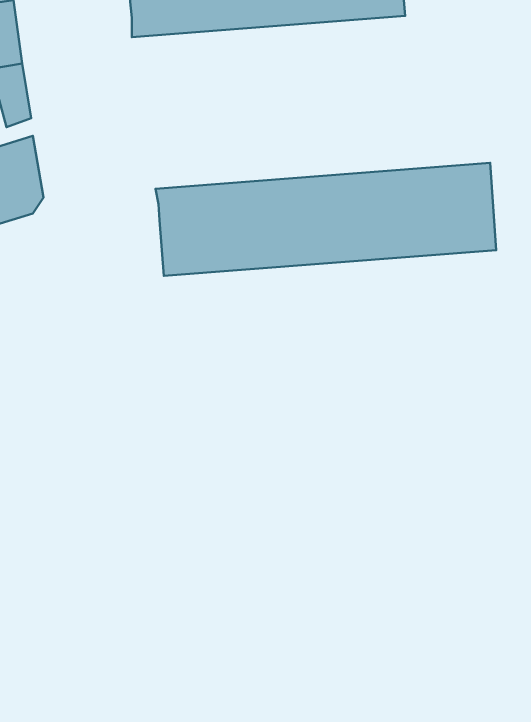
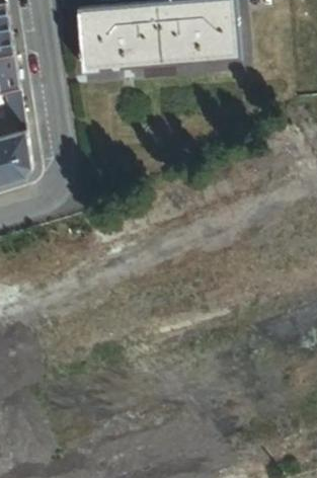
building: [155,163,496,276] -> none

